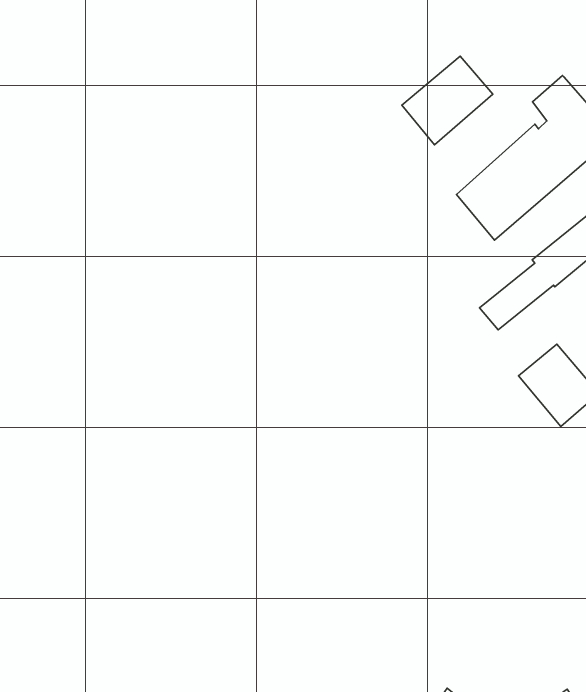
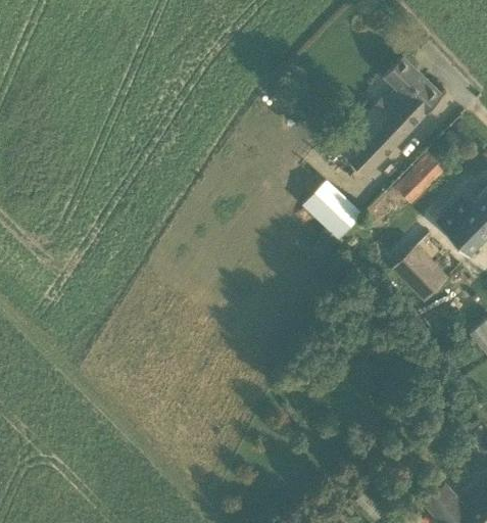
building: [402,56,493,145] -> none
building: none -> [303,177,364,256]

